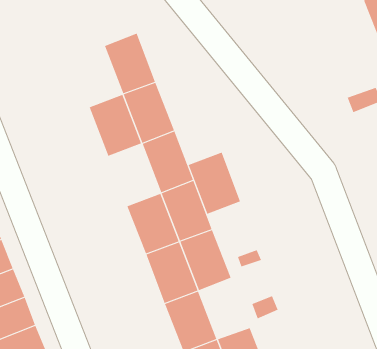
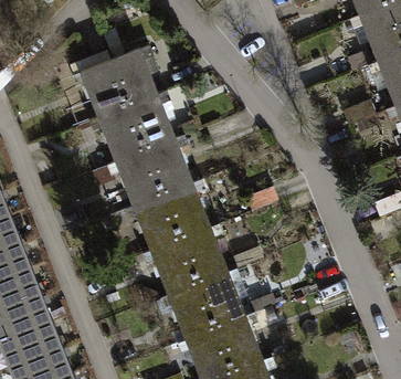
building: none -> [82,59,131,116]
building: [188,152,241,214] -> [117,150,167,209]
building: none -> [202,276,251,334]

